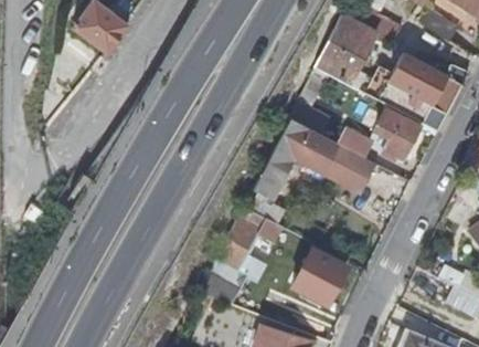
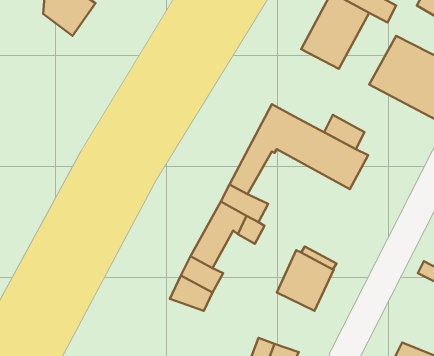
building: [375,107,422,159] -> none

